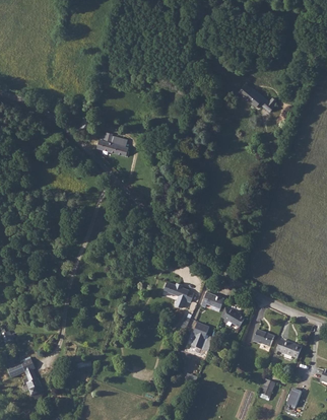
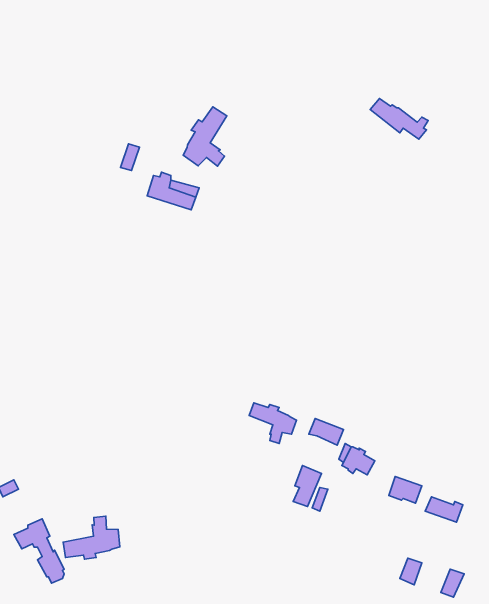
building: none -> [183,107,227,166]
building: none -> [63,516,120,559]

